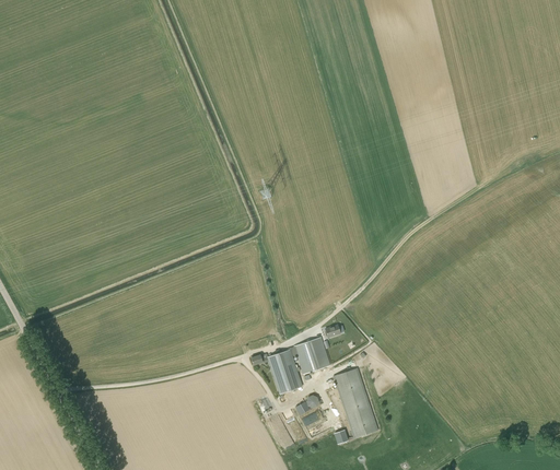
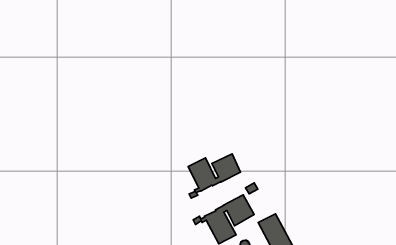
building: none -> [188,154,240,198]

